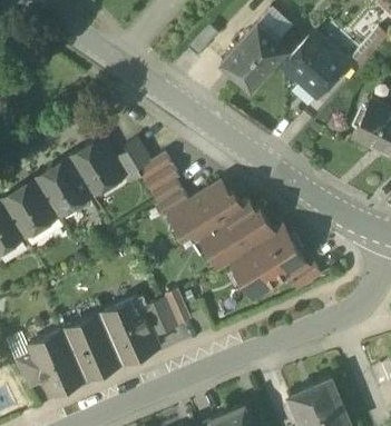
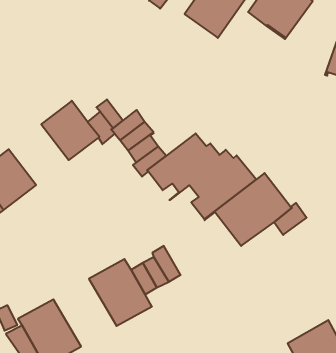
building: [35,158,92,217] -> none
building: [63,314,123,379] -> none

